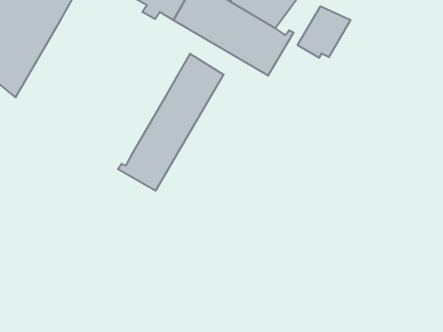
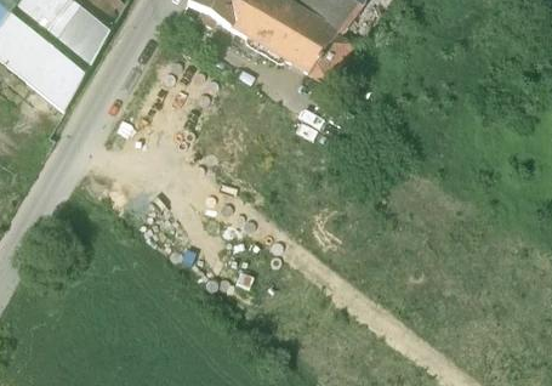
building: [298,6,351,58] -> none
building: [118,54,224,191] -> none

